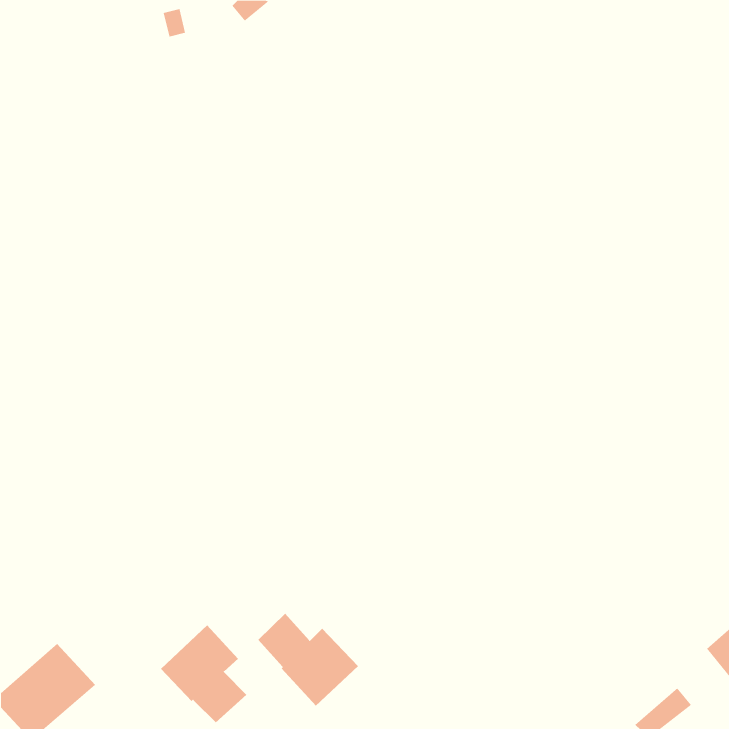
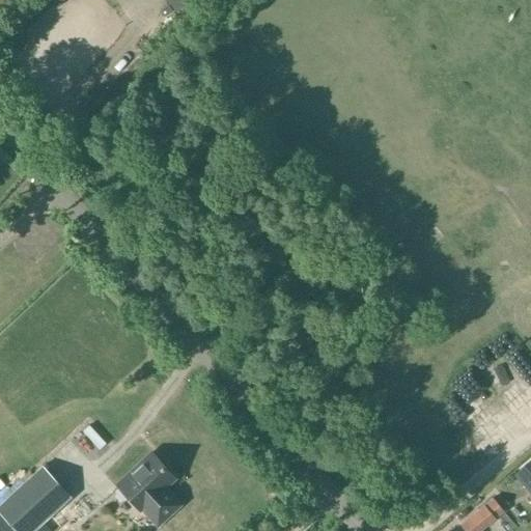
building: [258,613,359,706] -> none

